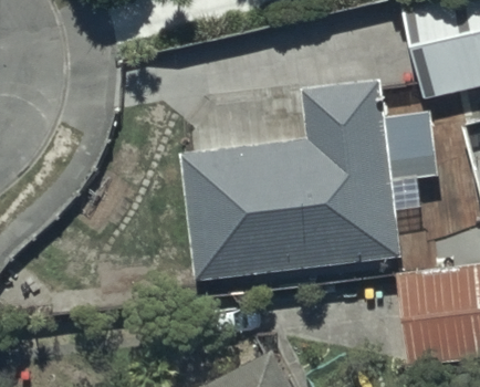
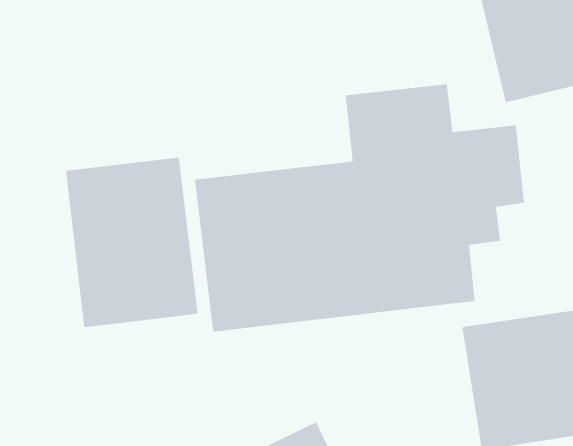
building: none -> [65,157,199,328]

